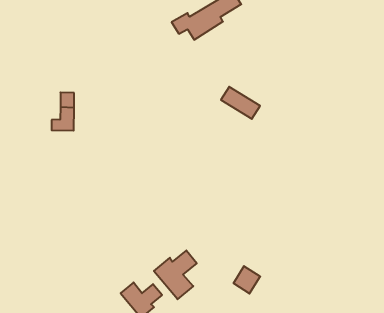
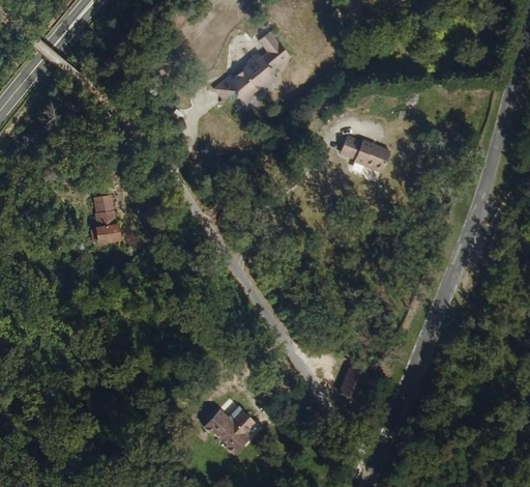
building: [221,87,260,119] -> [341,136,389,170]
building: [154,250,197,299] -> none

